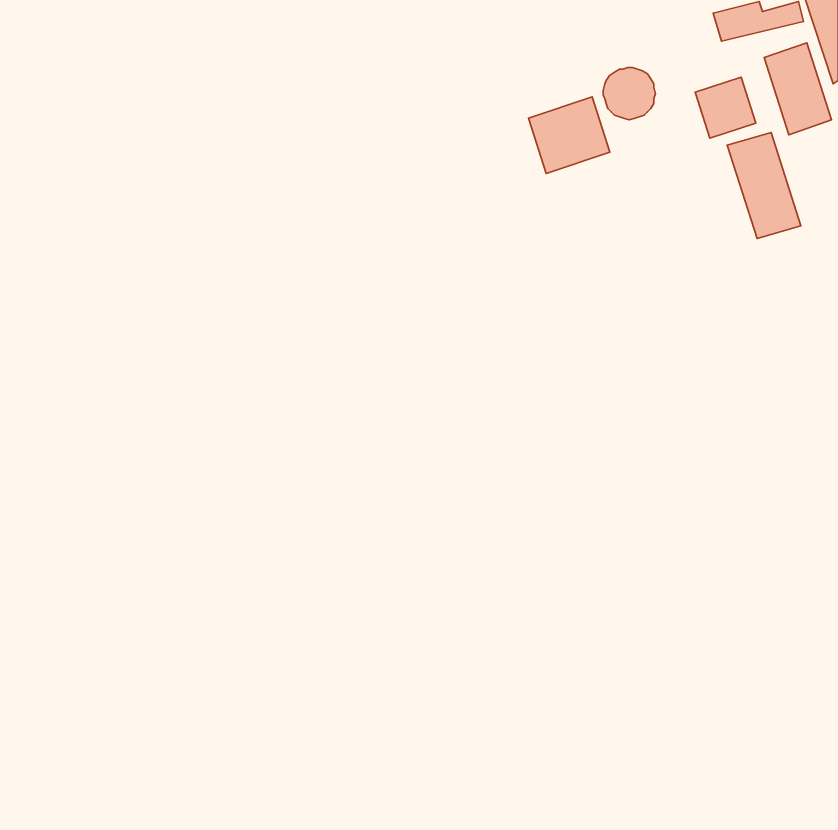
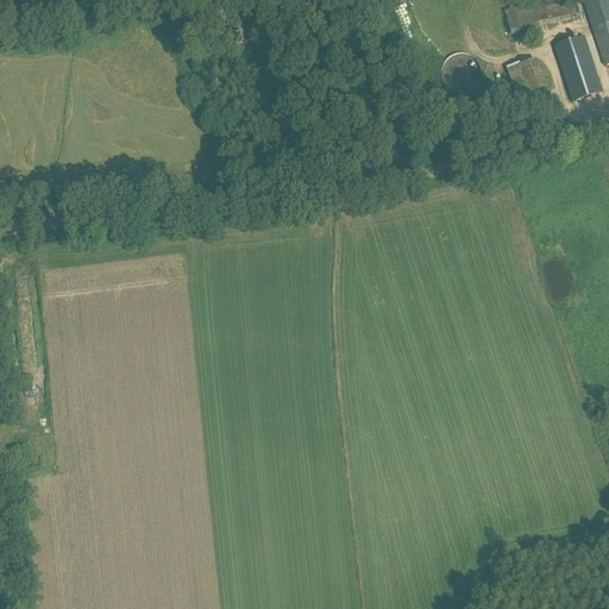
building: [529,97,610,173] -> none
building: [727,133,801,238] -> none

